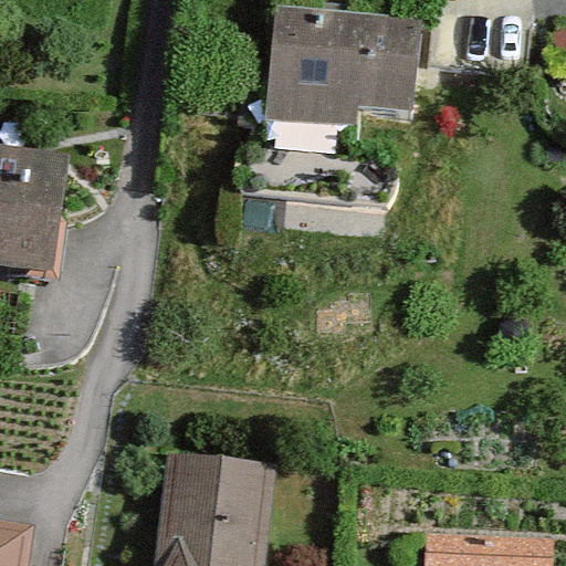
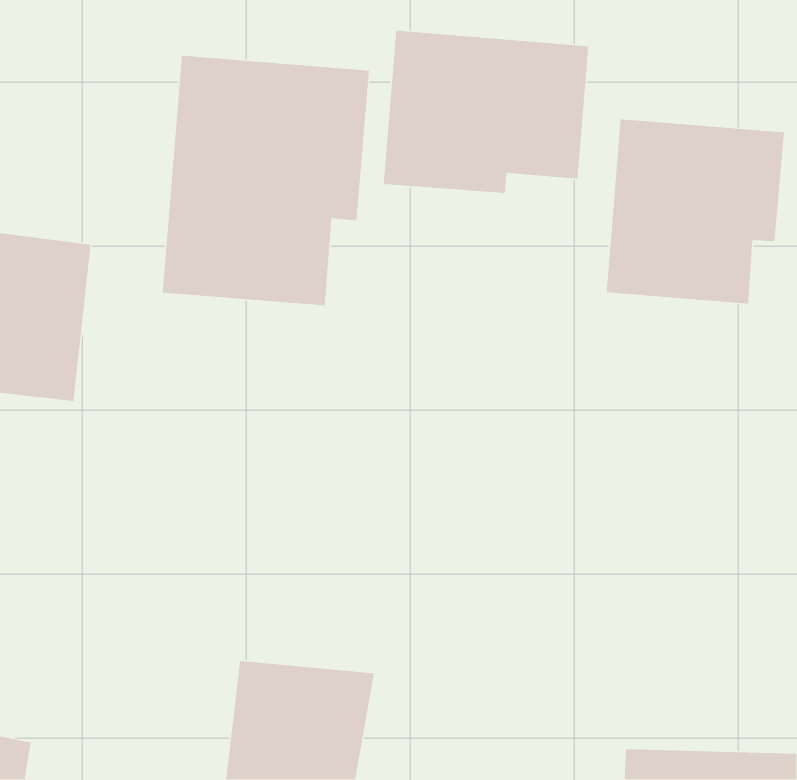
building: none -> [162,55,370,306]
building: none -> [606,118,785,304]

